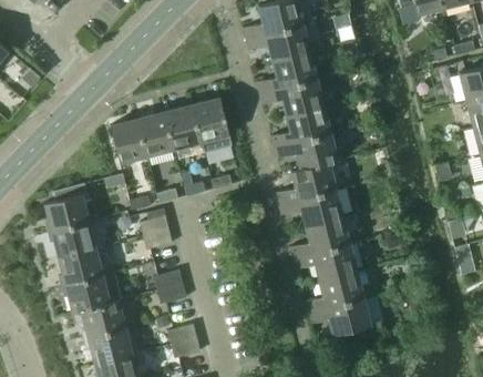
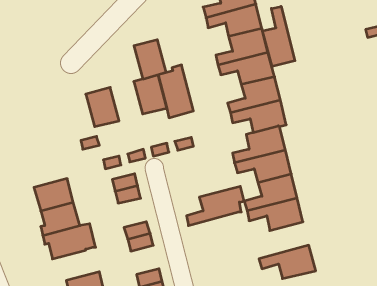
building: none -> [262,6,295,67]
building: [138,112,175,156] -> [134,40,166,79]
building: [45,183,90,232] -> none
building: [305,268,370,313] -> [187,186,244,226]
building: [82,299,126,337] -> none

